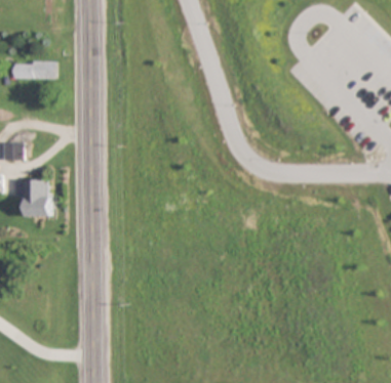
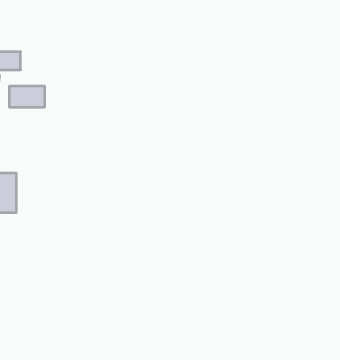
building: none -> [10,86,44,107]

